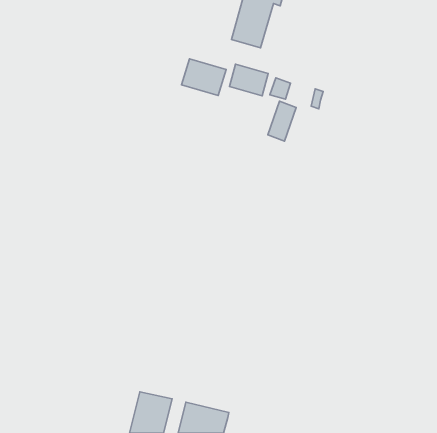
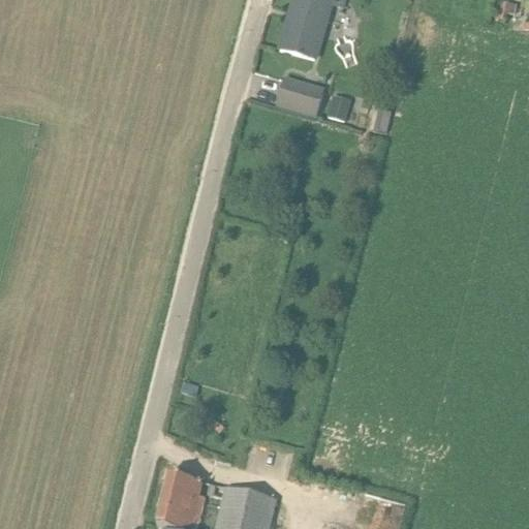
building: [181,59,226,96] -> none
building: [268,101,296,141] -> none

